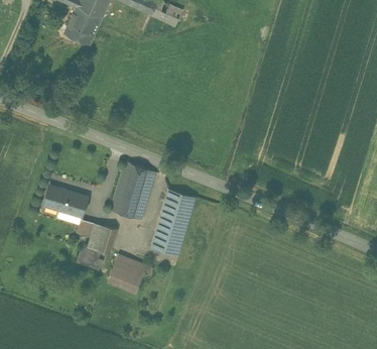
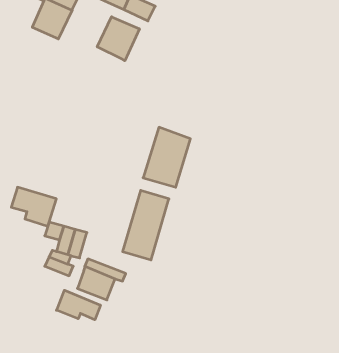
building: none -> [97,17,139,61]
building: [110,161,155,219] -> [143,127,190,187]
building: none -> [56,290,100,320]

